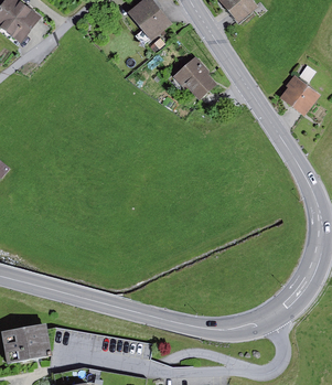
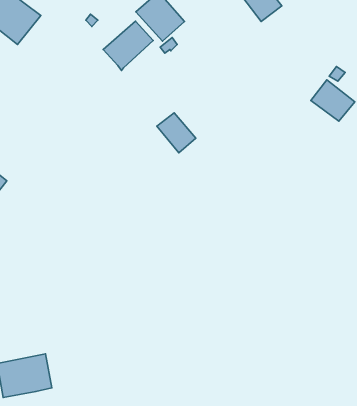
building: none -> [103,21,153,70]
building: [183,62,218,98] -> [157,113,196,153]

